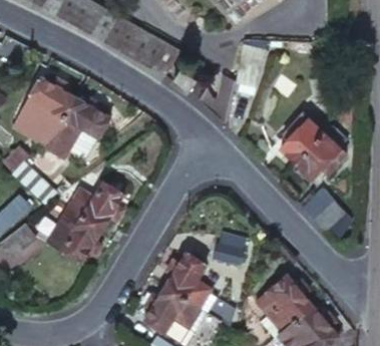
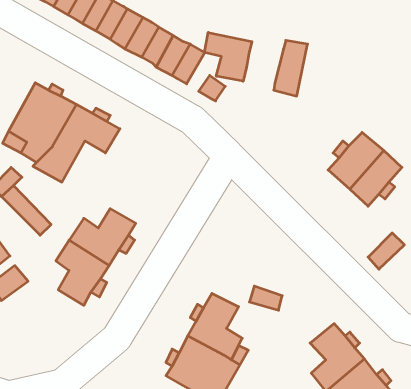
building: none -> [205,32,252,81]

